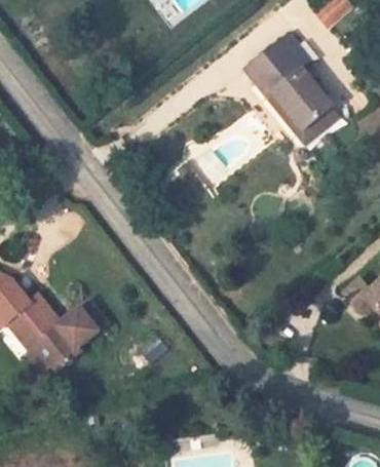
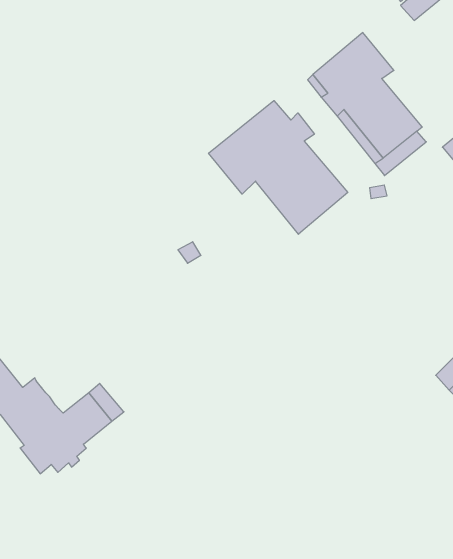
building: none -> [209,101,348,234]

